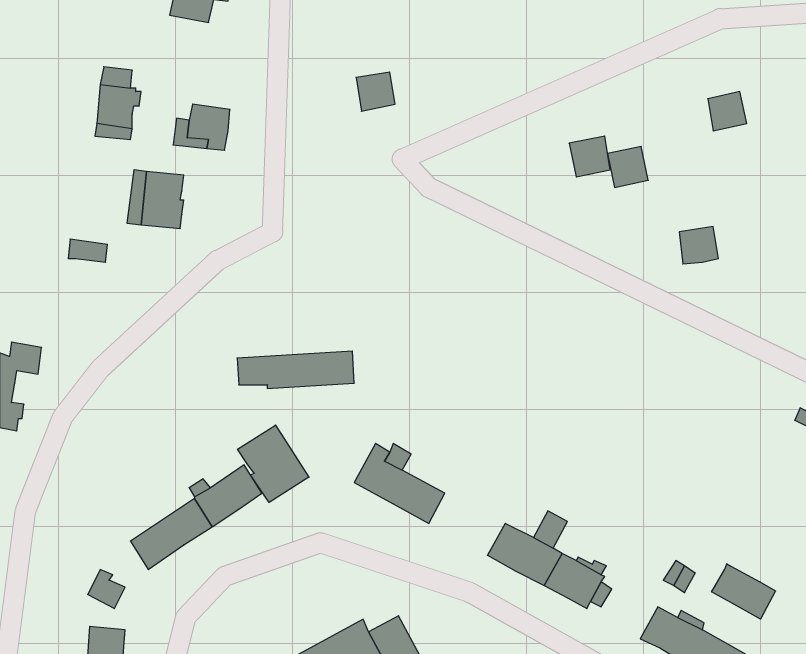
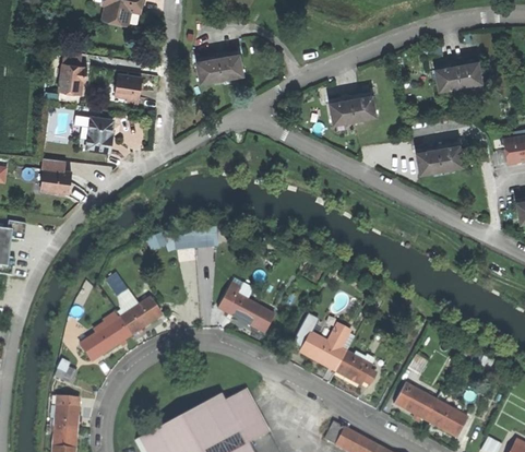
building: none -> [198,58,223,82]
building: none -> [455,62,481,86]
building: [607,146,648,187] -> [330,98,355,123]
building: none -> [439,146,464,169]
building: none -> [45,169,72,193]
building: [238,425,309,502] -> none
building: [712,564,776,619] -> none

